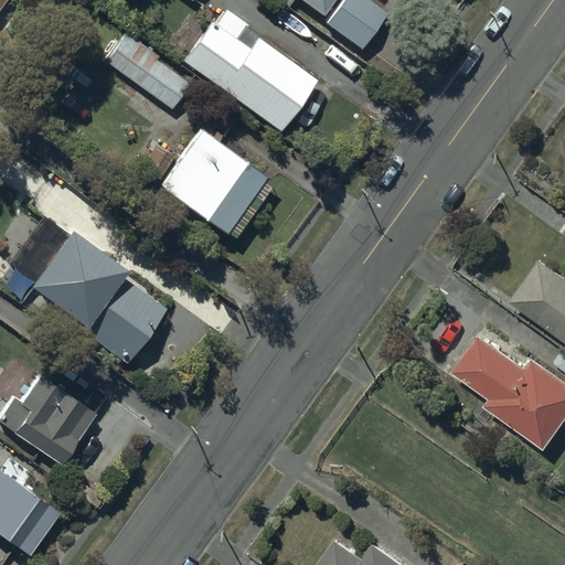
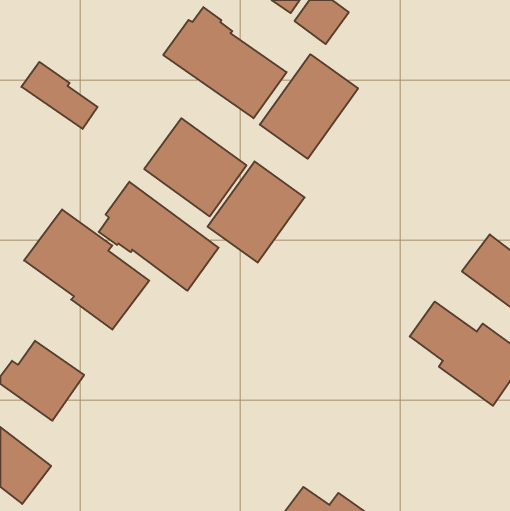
building: [106,35,190,109] -> [21,62,98,129]
building: none -> [260,54,358,159]
building: none -> [208,161,305,263]
building: none -> [99,182,219,291]

